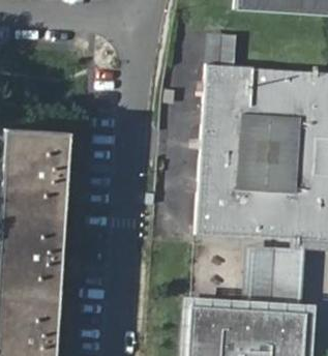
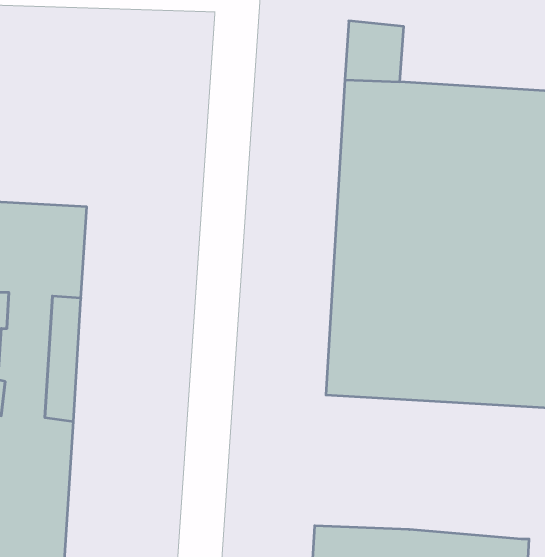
building: [241,245,306,314] -> none

